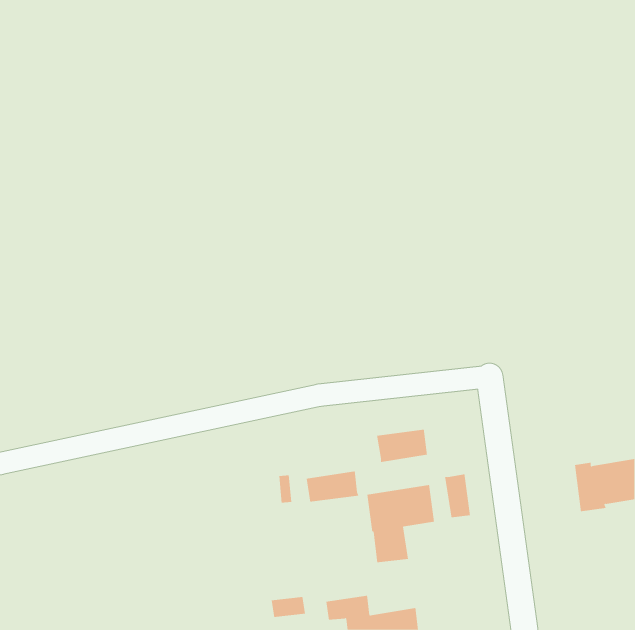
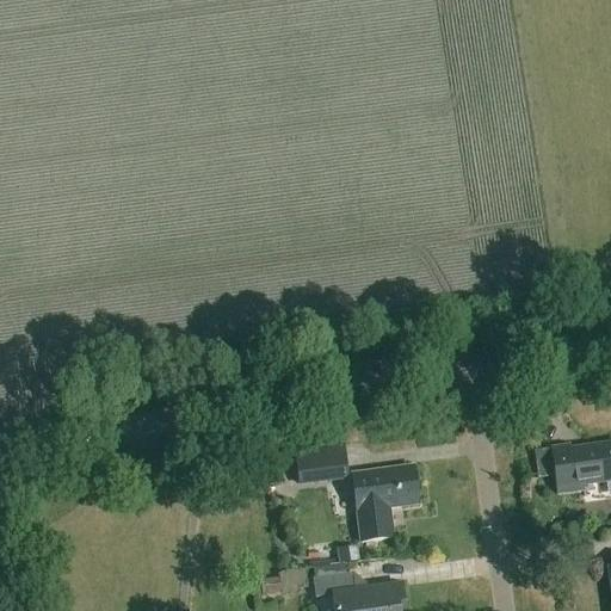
building: [377,429,427,463] -> none
building: [445,473,470,518] -> none

